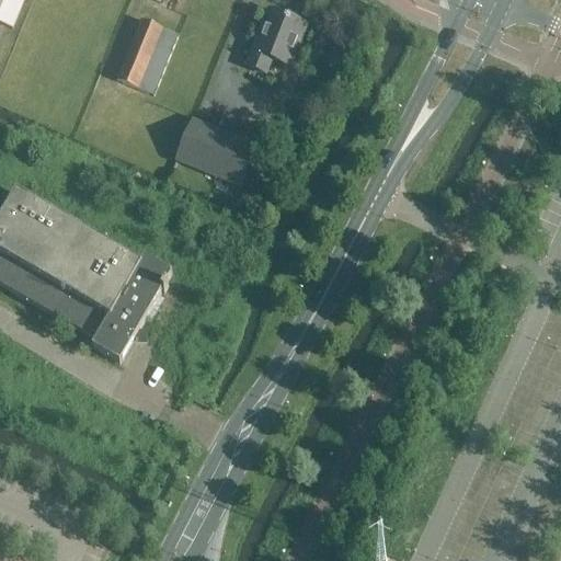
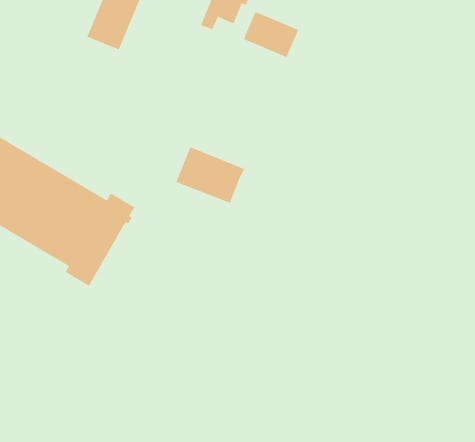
building: none -> [243,11,299,58]
building: [176,117,255,182] -> [175,147,245,203]

